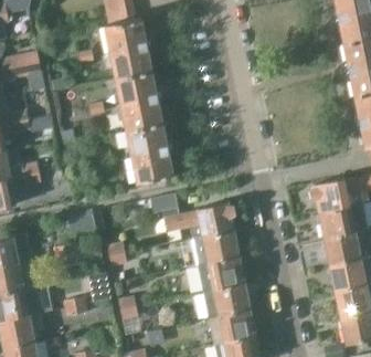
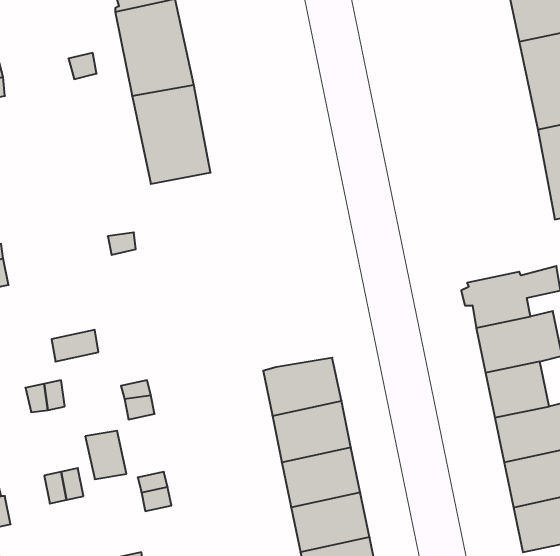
building: [126,120,173,182] -> none
building: [150,193,235,235] -> none

